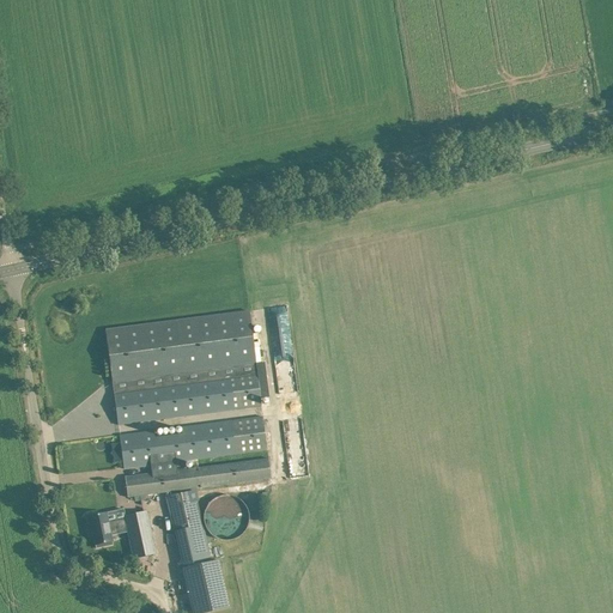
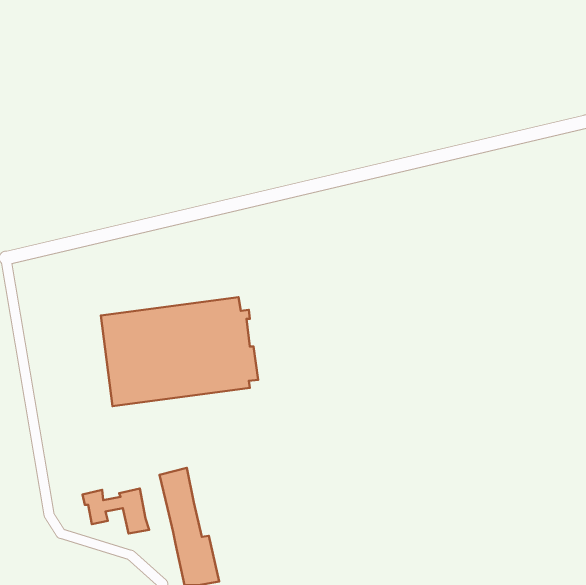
building: [120,415,271,496] -> none
building: [204,494,249,539] -> none

